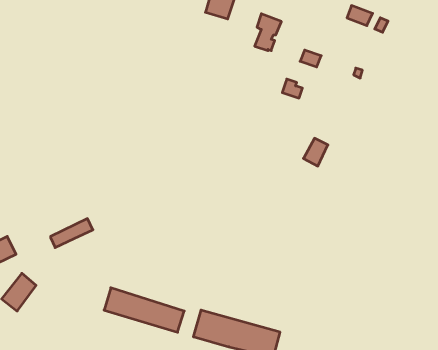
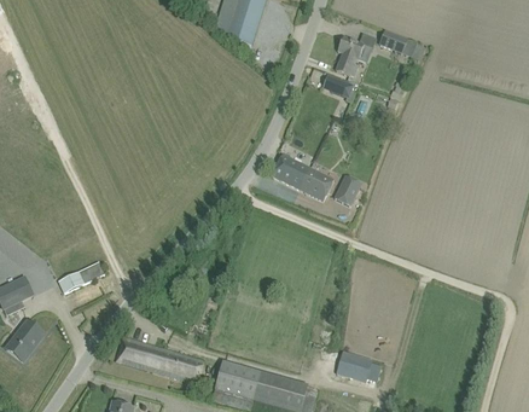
building: [255,14,281,51] -> [336,35,365,75]
building: none -> [273,153,333,199]
building: none -> [336,349,372,381]

